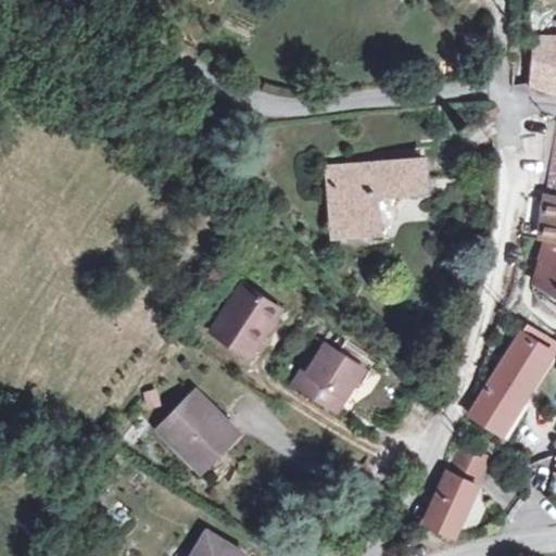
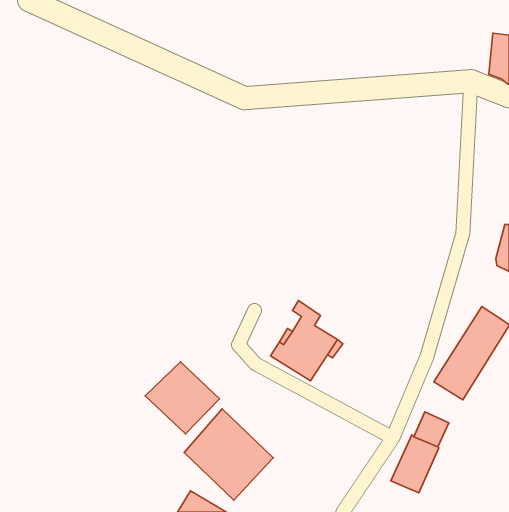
building: [329,162,426,233] -> none
building: [211,285,282,359] -> none
building: none -> [184,409,273,500]

